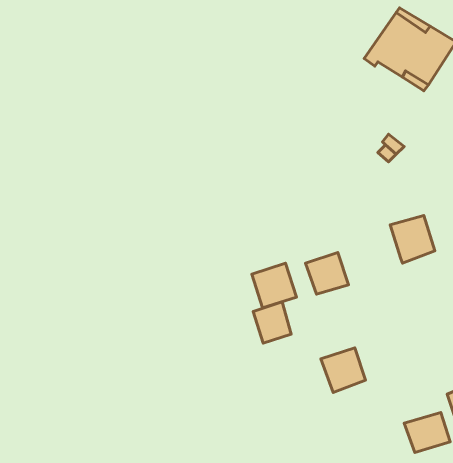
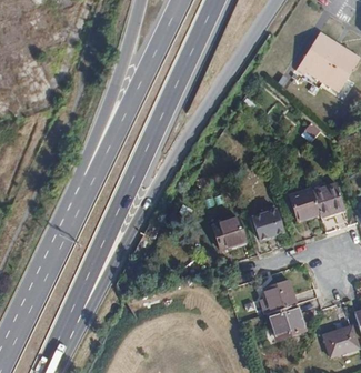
building: none -> [290,189,320,221]
building: [253,302,291,343] -> none
building: none -> [267,302,303,337]

